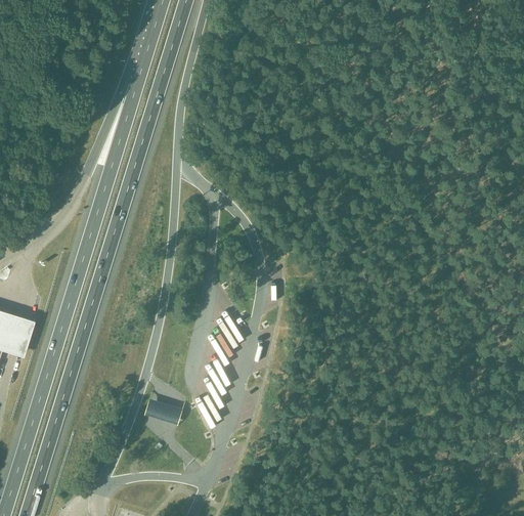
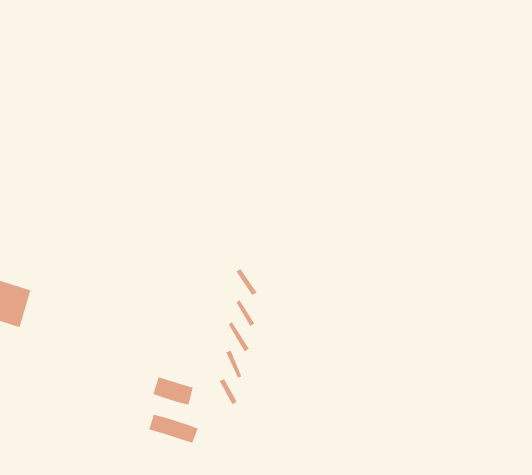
building: none -> [149,414,199,444]

